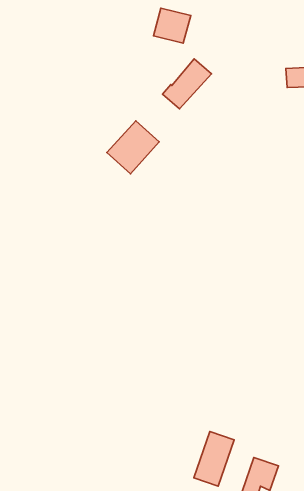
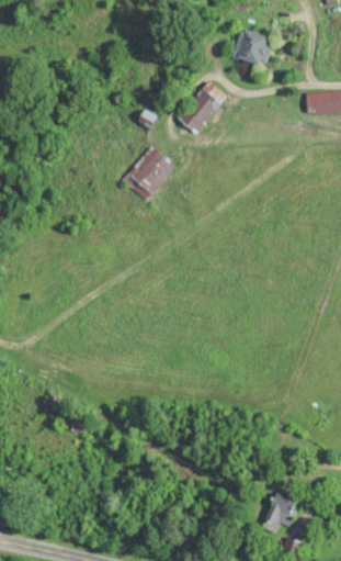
building: [153,8,191,43] -> [232,29,271,65]
building: [194,432,234,486] -> none

